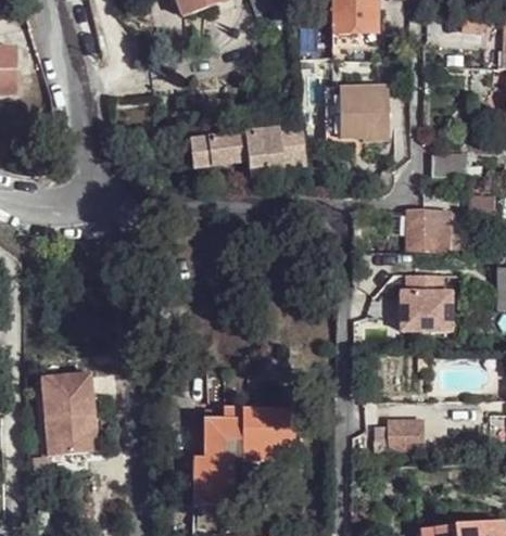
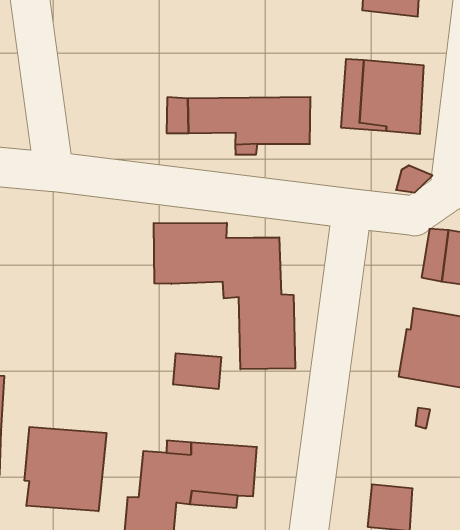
building: none -> [154,223,295,369]
building: none -> [173,353,221,389]
building: none -> [25,427,106,511]

